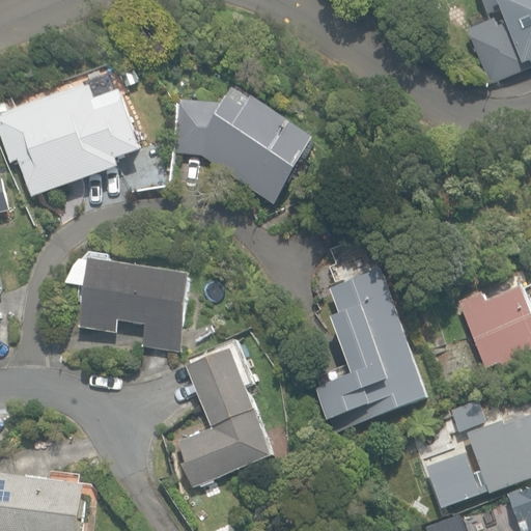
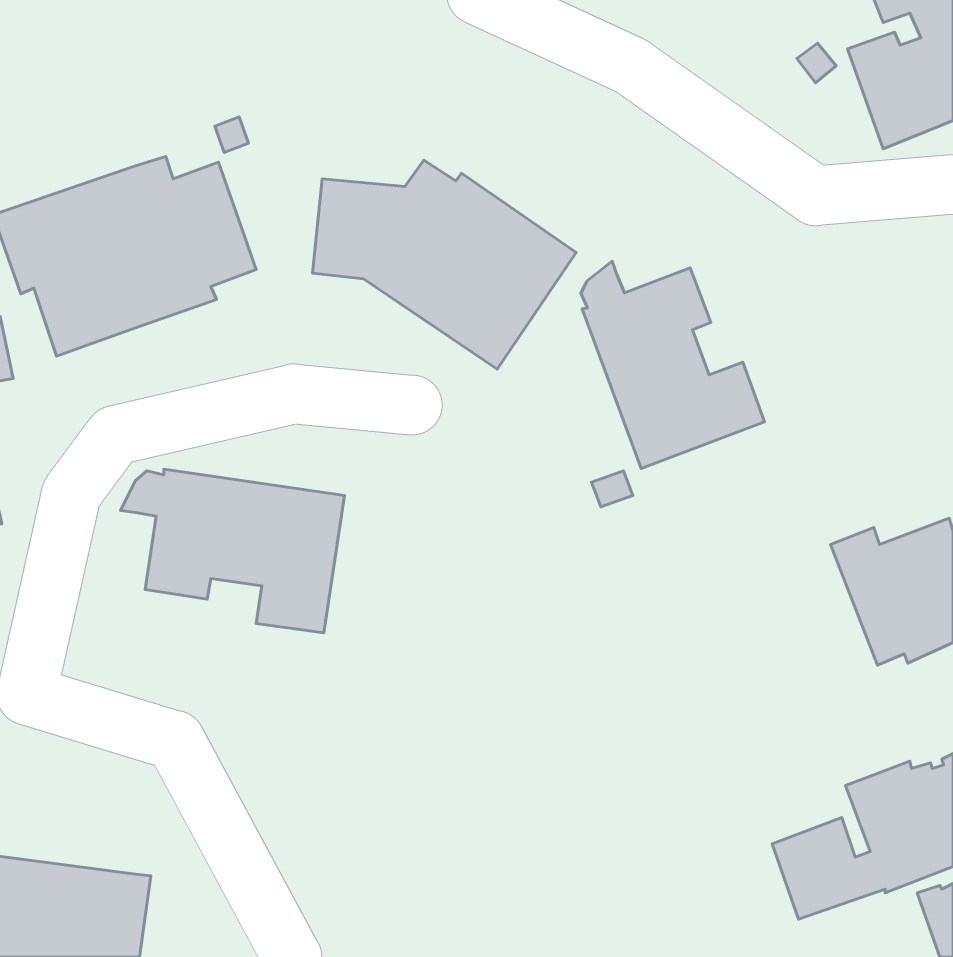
building: none -> [581,261,765,468]
building: [314,268,428,432] -> none
building: [176,348,272,487] -> none

